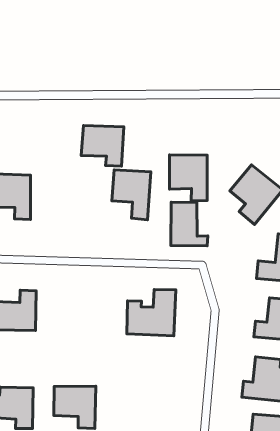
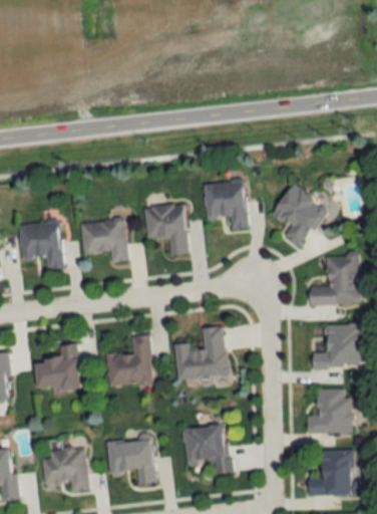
building: [81,125,124,166] -> [81,219,126,262]
building: [171,202,208,246] -> none
building: none -> [106,334,151,386]
building: none -> [183,425,229,474]

